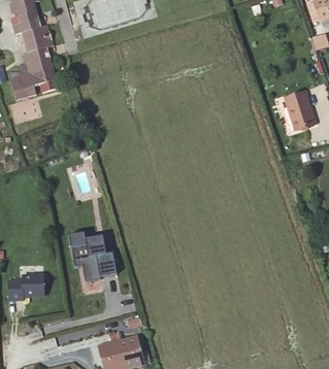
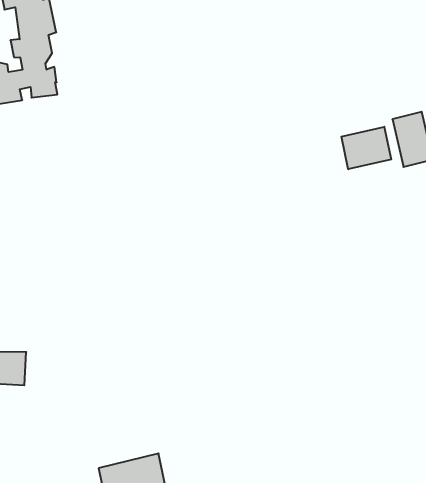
building: none -> [341,127,391,169]
building: [73,233,119,293] -> none

